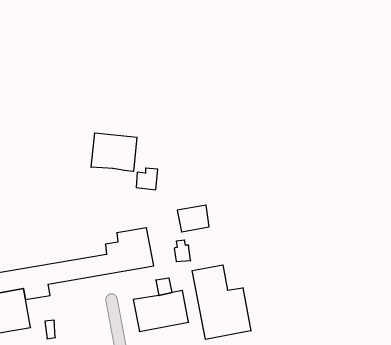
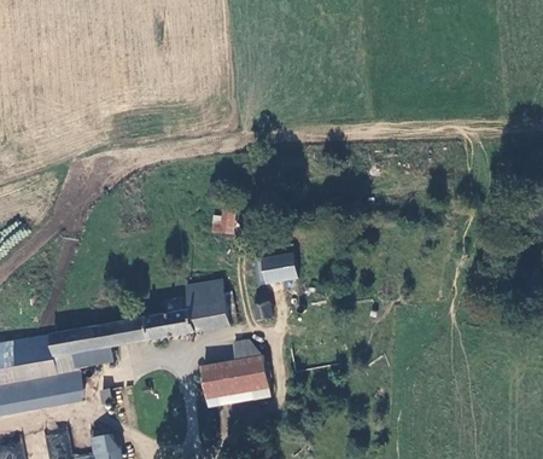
building: [91,133,137,171] -> none
building: [192,265,251,339] -> none

